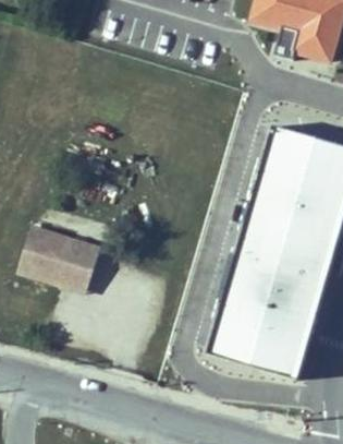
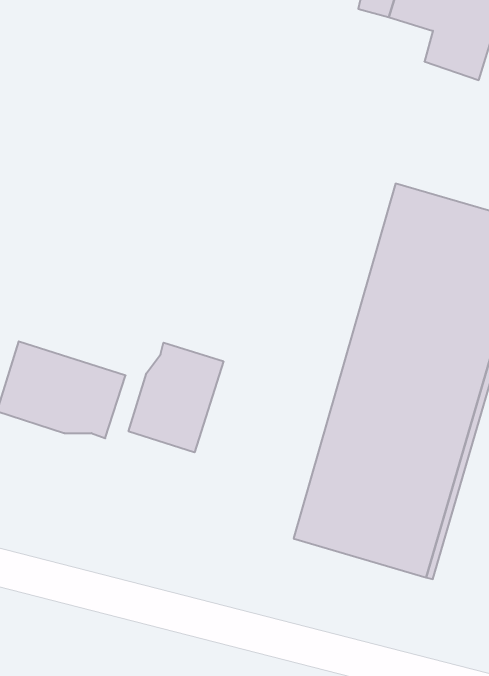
building: none -> [129,343,223,452]

